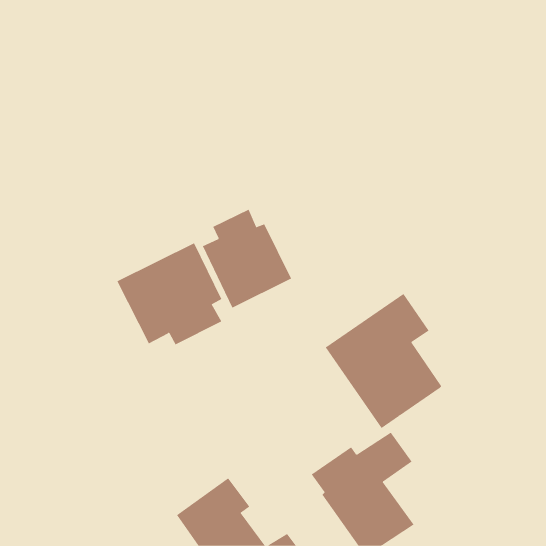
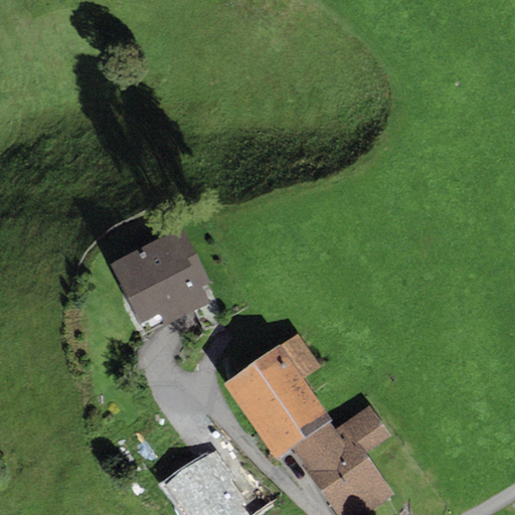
building: [202,209,292,308] -> none
building: [325,293,442,429] -> [222,331,333,459]

